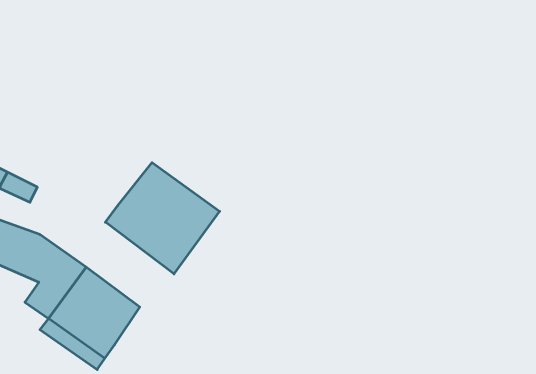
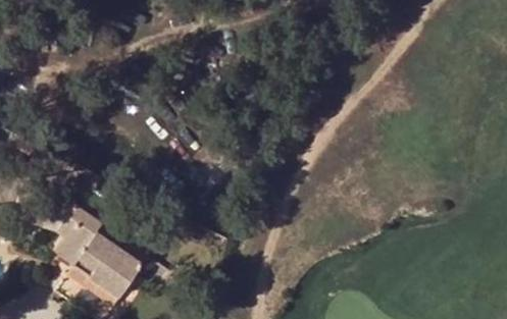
building: [105,163,220,274] -> none

